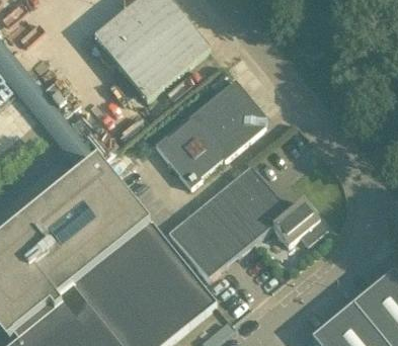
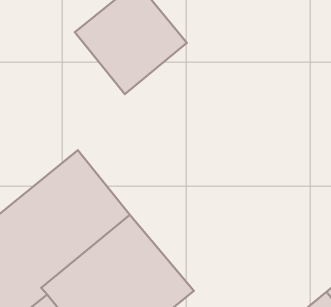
building: [155,77,265,185] -> none
building: [167,163,326,277] -> none

